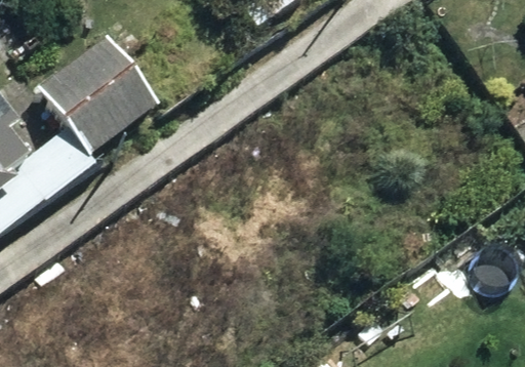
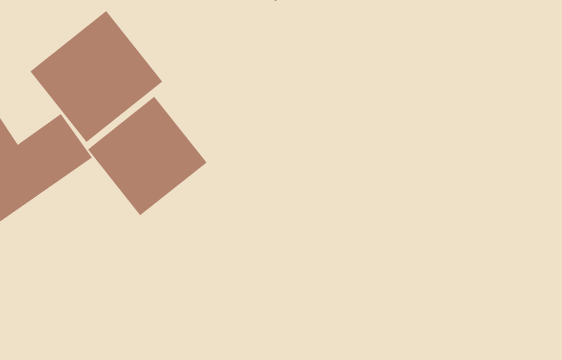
building: none -> [87,96,207,216]

